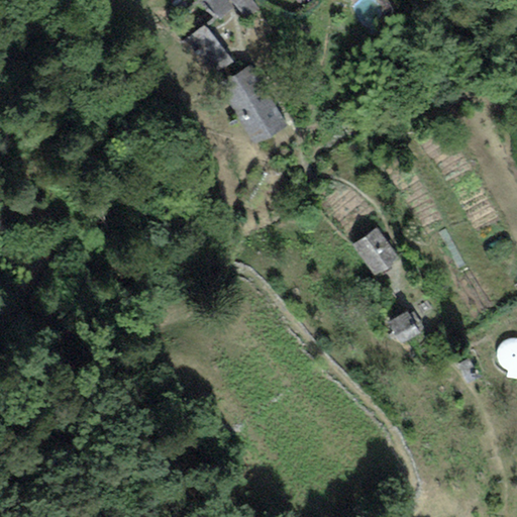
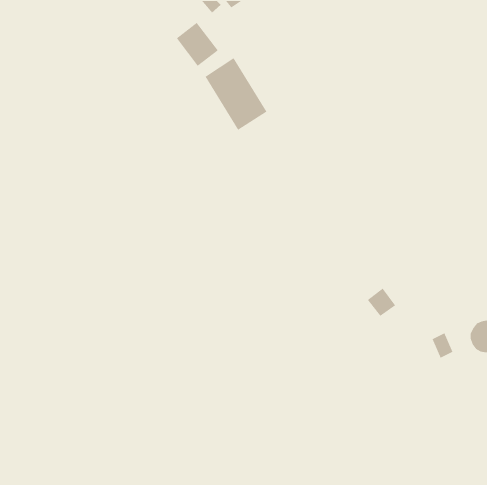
building: [354,228,400,273] -> none

